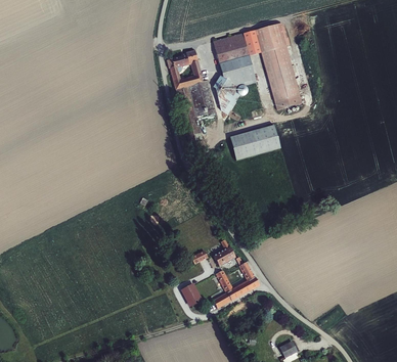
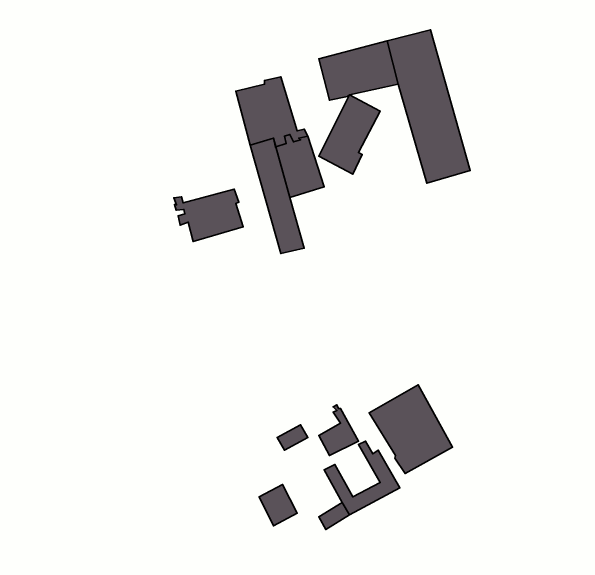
building: none -> [174,189,243,242]
building: [230,125,281,160] -> none
building: none -> [369,385,452,474]

